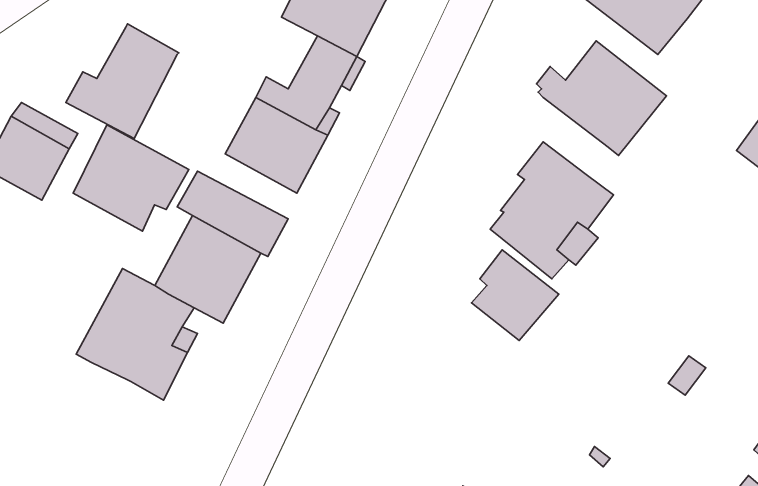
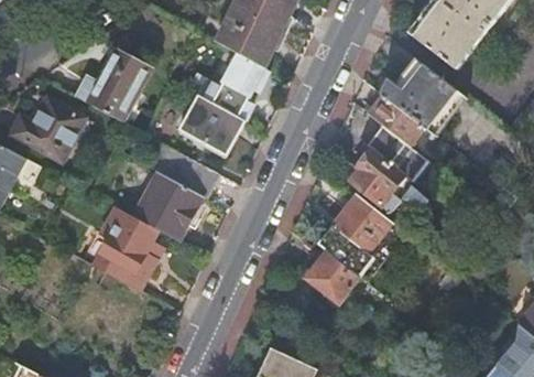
building: none -> [369,96,425,146]
building: [73,125,189,231] -> none
building: none -> [305,251,360,304]

